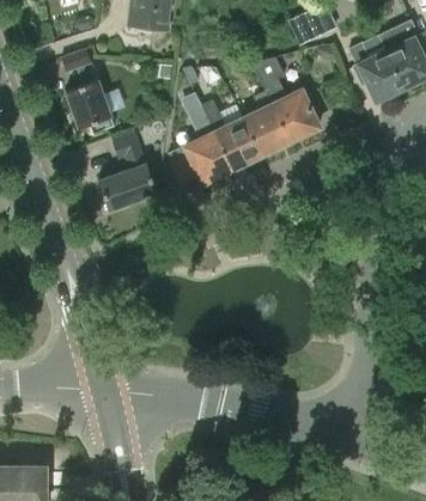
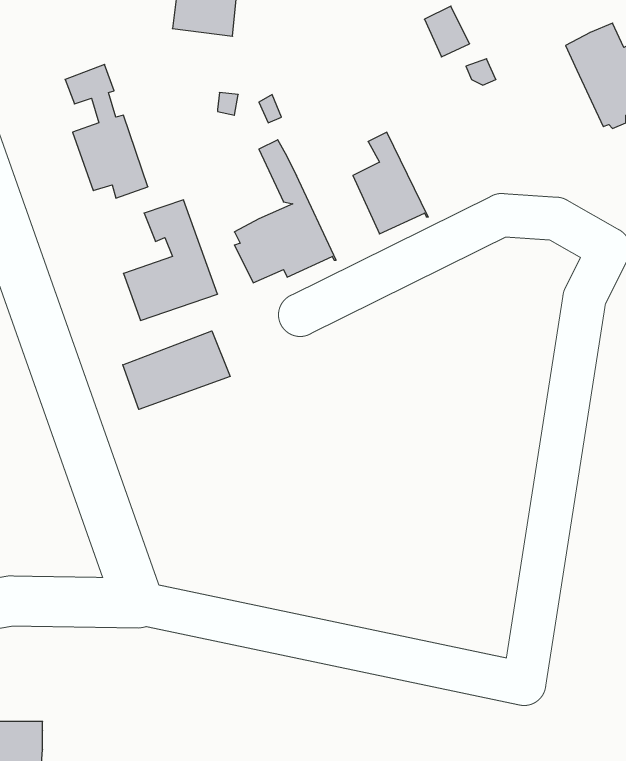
building: [348,43,403,100] -> none
building: [252,57,320,145] -> none
building: [202,100,261,172] -> none
building: none -> [123,331,230,409]

